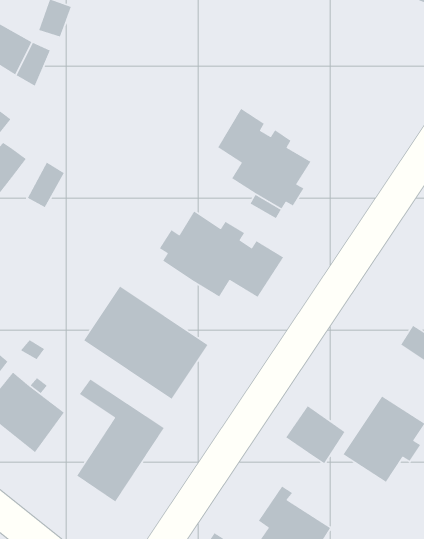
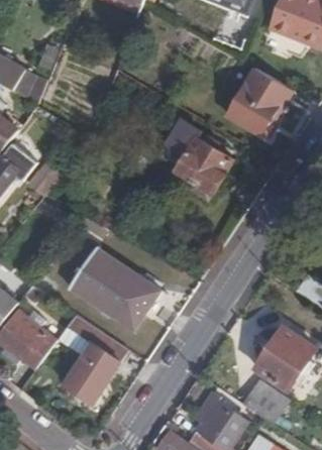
building: none -> [225,69,292,136]
building: [159,211,284,298] -> none
building: [285,405,346,464] -> [242,381,286,424]

